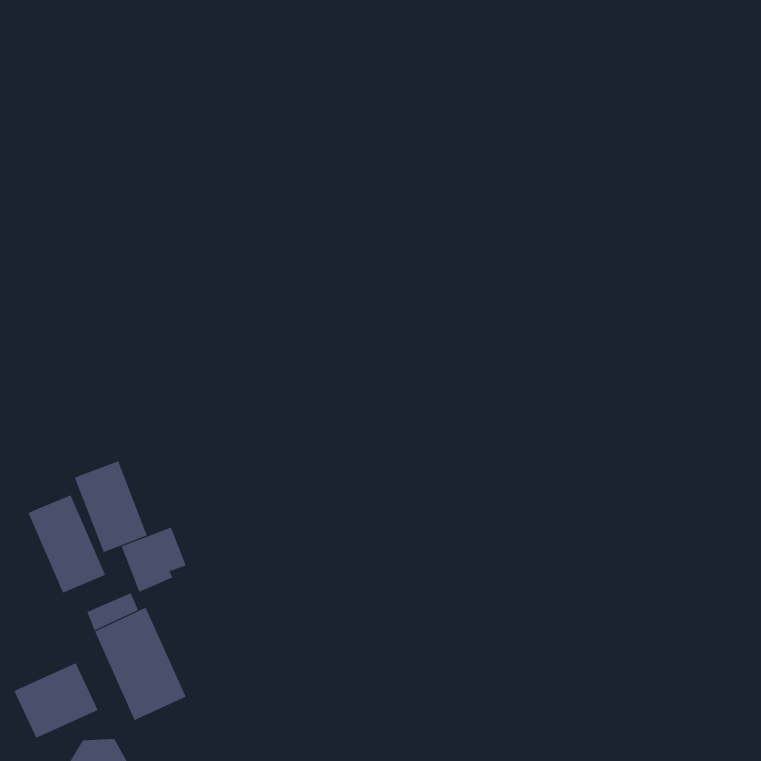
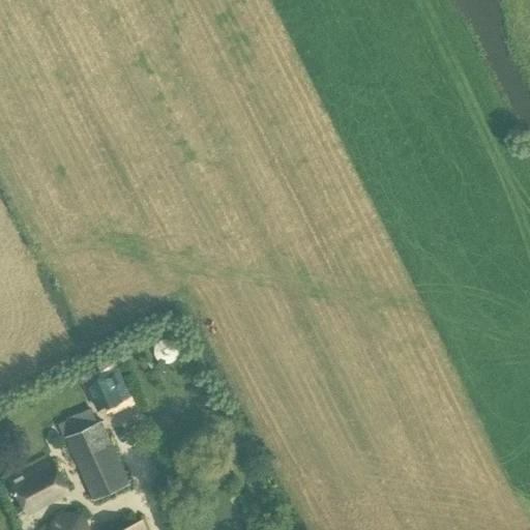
building: [74,461,148,553] -> none
building: [28,494,106,593] -> none

